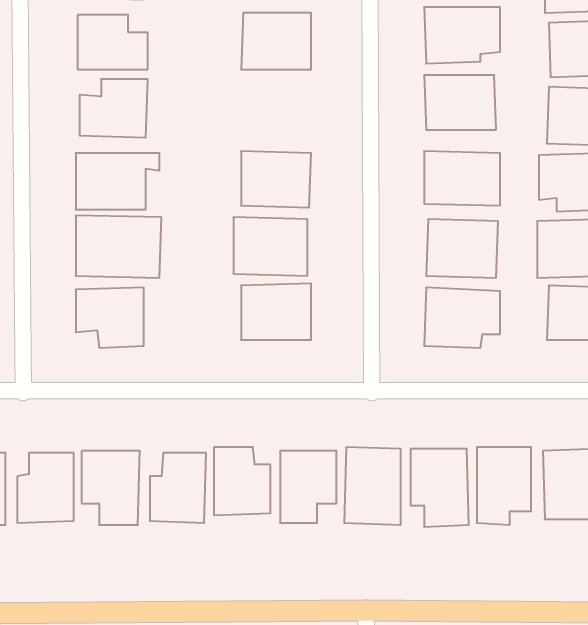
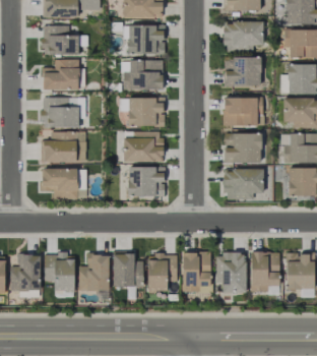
building: none -> [121,59,163,91]

